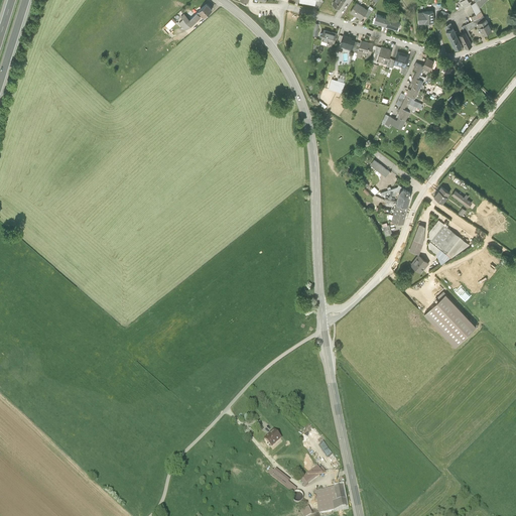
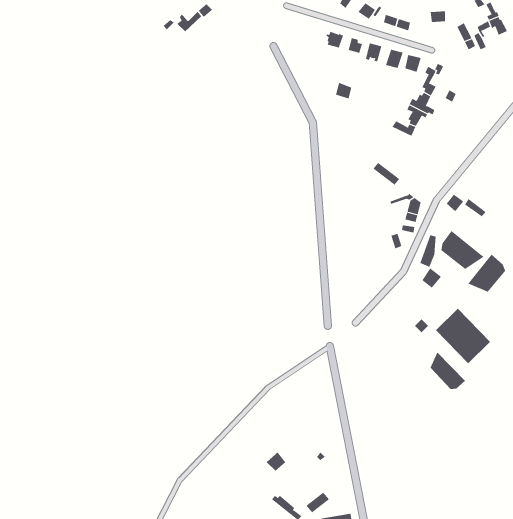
building: none -> [467,254,506,292]
building: none -> [430,351,466,390]

